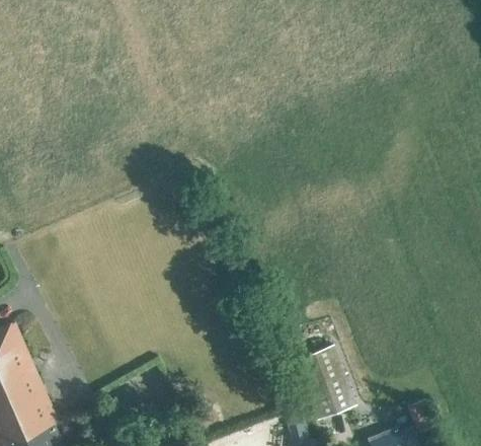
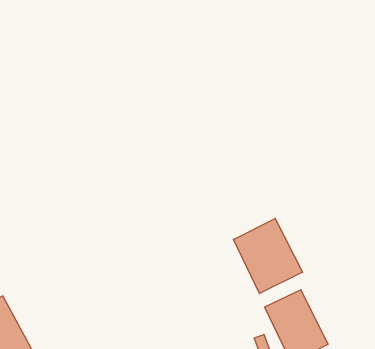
building: none -> [233,218,303,294]

